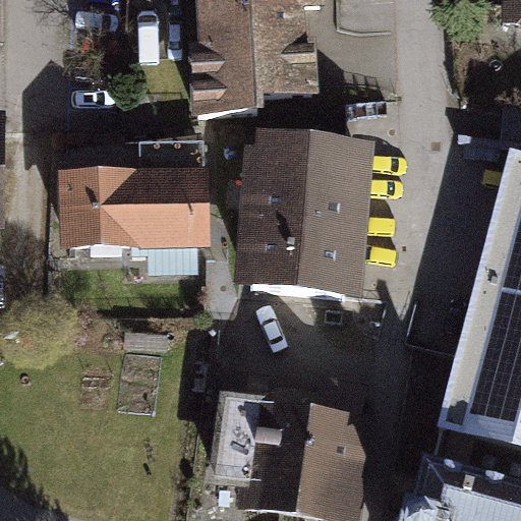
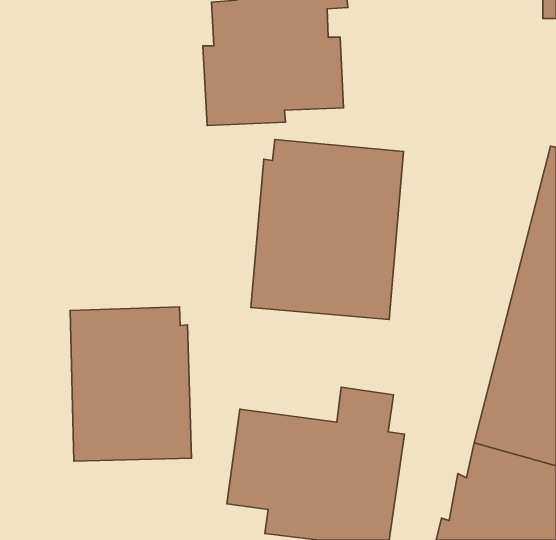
building: [59,170,208,249] -> none
building: none -> [70,307,191,461]

